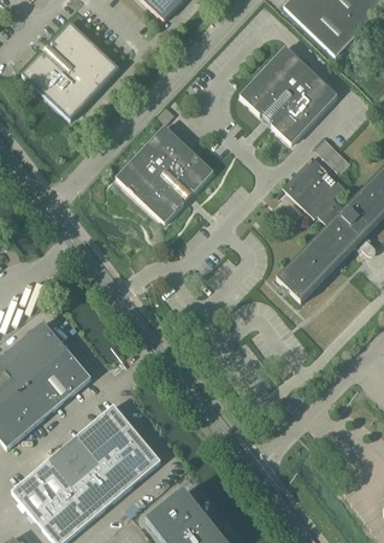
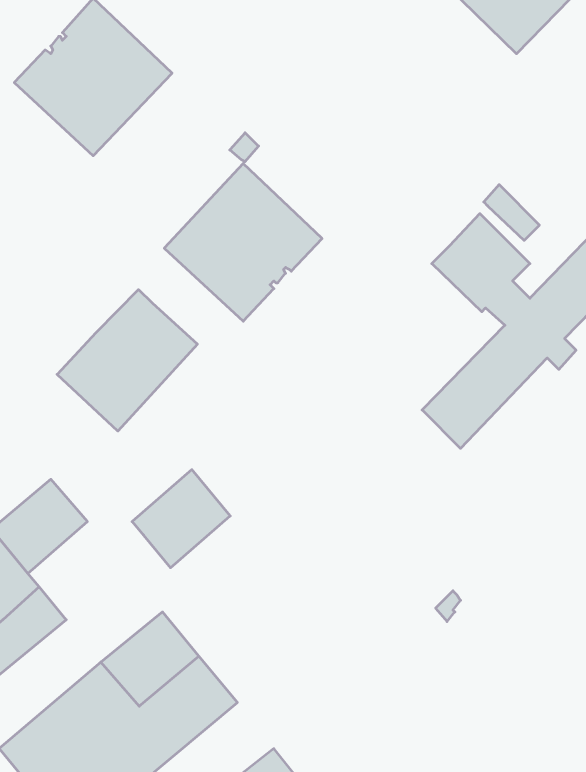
building: [238,45,337,143] -> none
building: none -> [57,290,197,431]
building: [29,348,90,409] -> [132,470,230,568]

